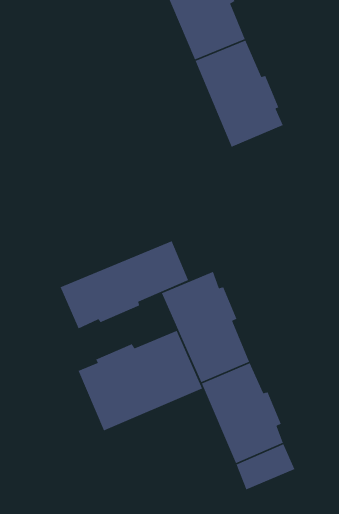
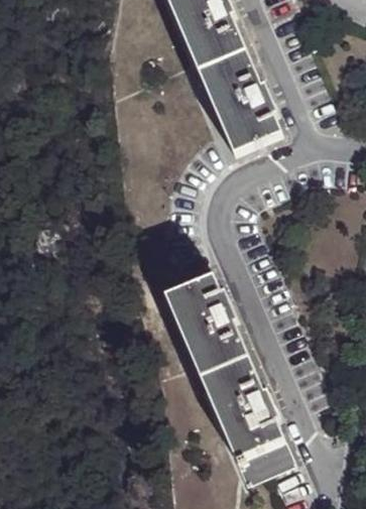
building: [60,240,189,329] -> none
building: [77,330,203,431] -> none

